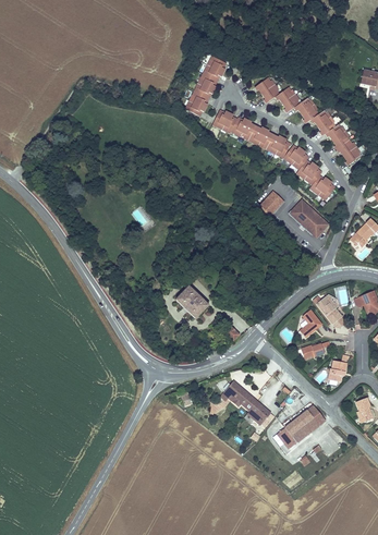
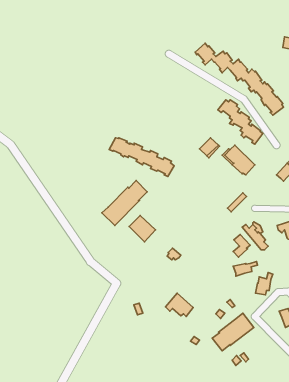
building: [185,56,225,115] -> none
building: [211,111,290,158] -> [109,138,174,177]
building: none -> [102,181,147,225]
building: [244,397,273,426] -> none

